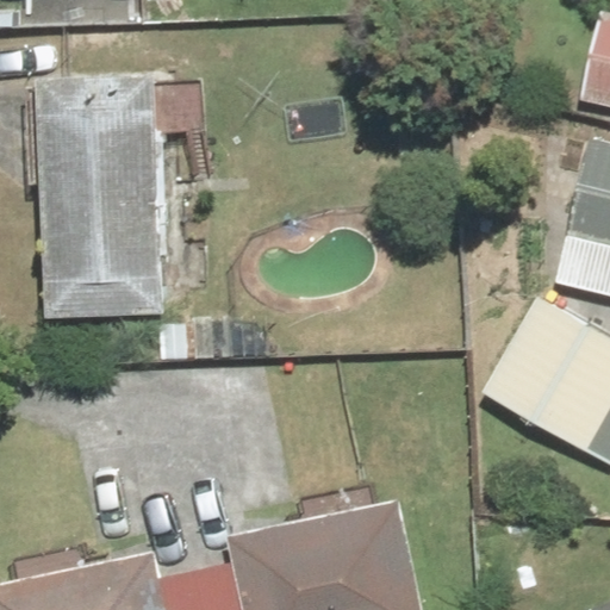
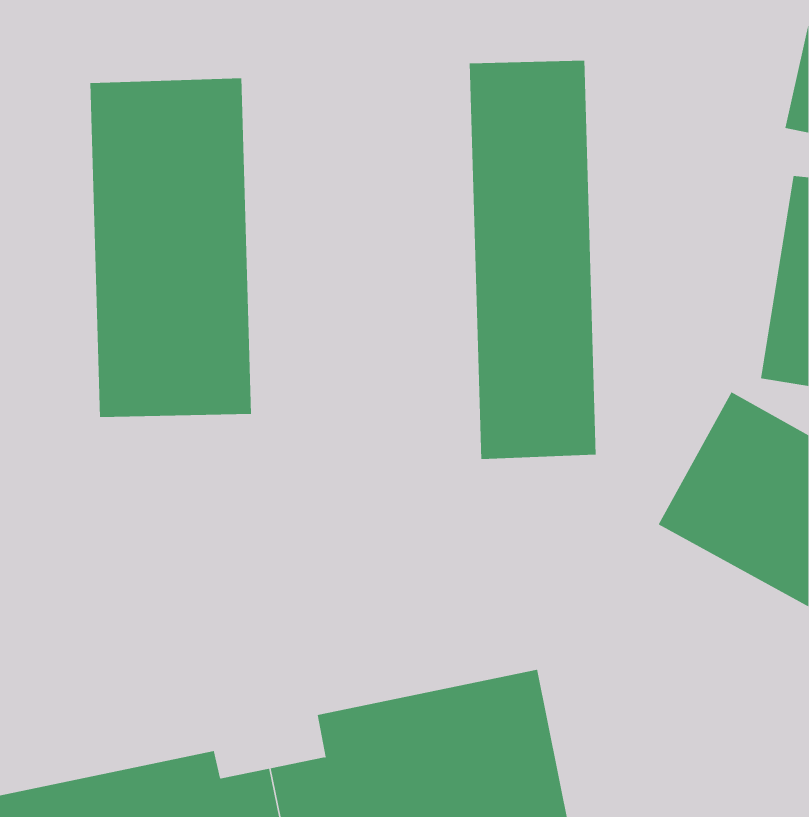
building: none -> [469,60,596,460]

